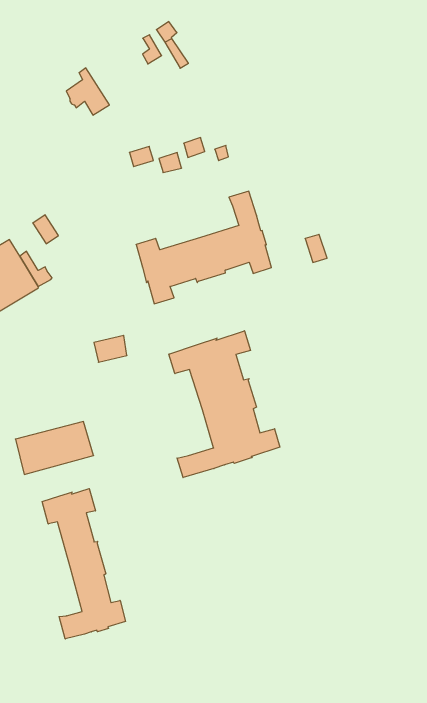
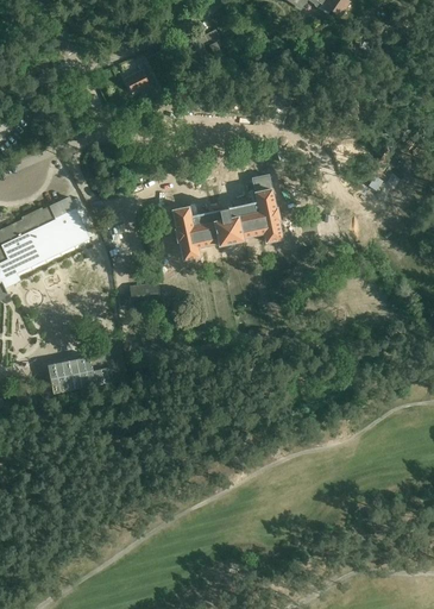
building: [169,331,280,478] -> none
building: [42,489,126,639] -> none

